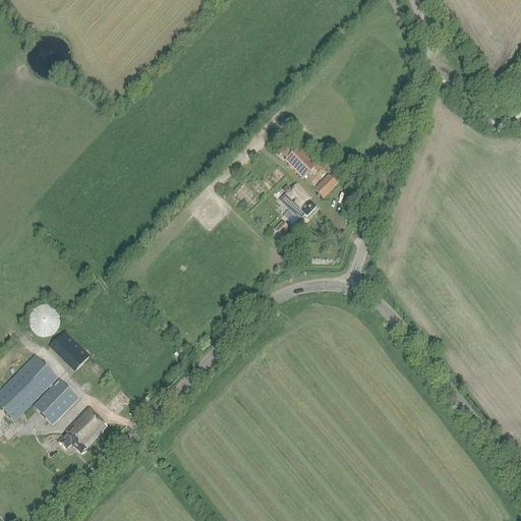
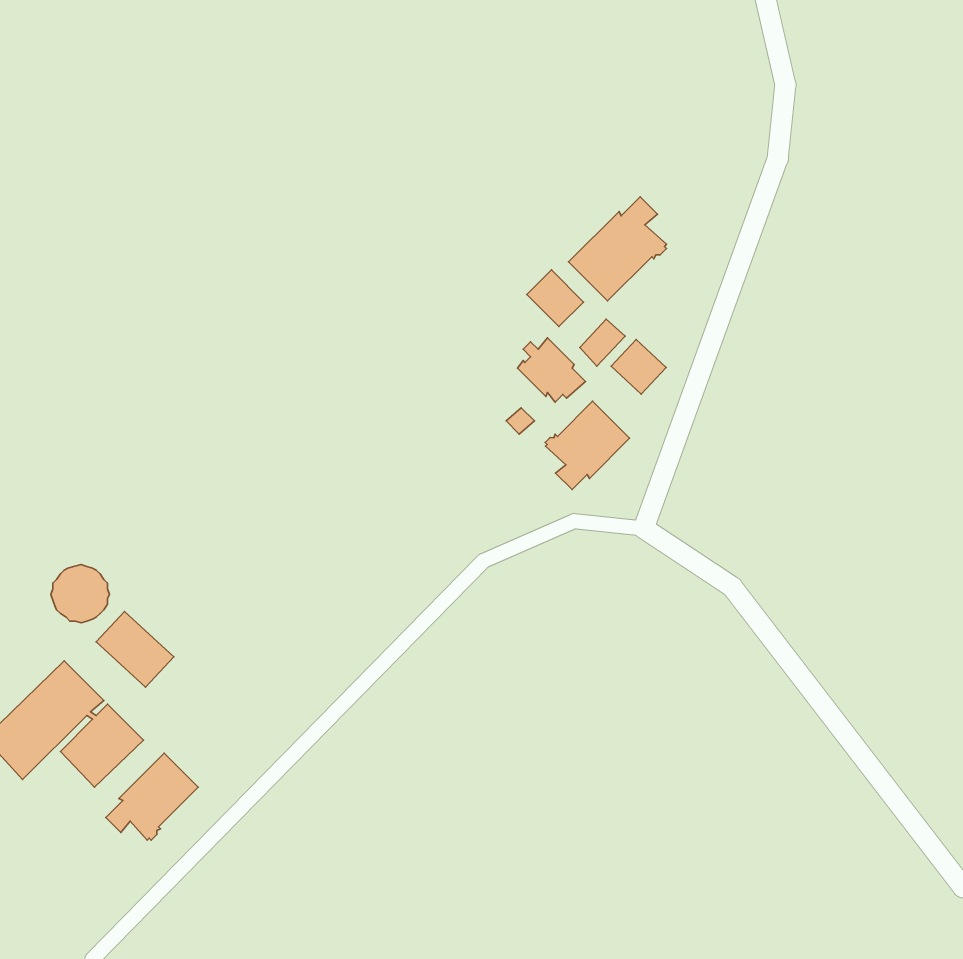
building: none -> [569,197,667,301]
building: none -> [611,339,666,394]
building: none -> [545,401,629,489]

